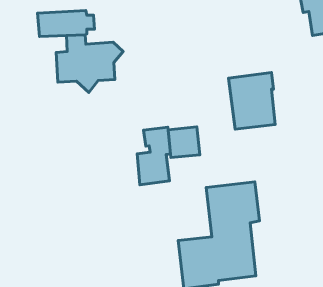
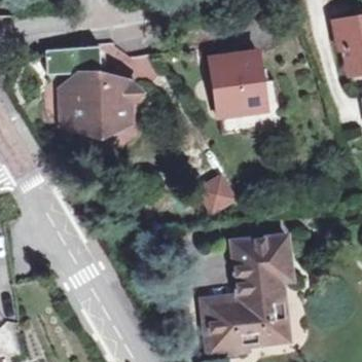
building: [229,73,275,129] -> [213,52,264,115]
building: [137,127,170,185] -> none

